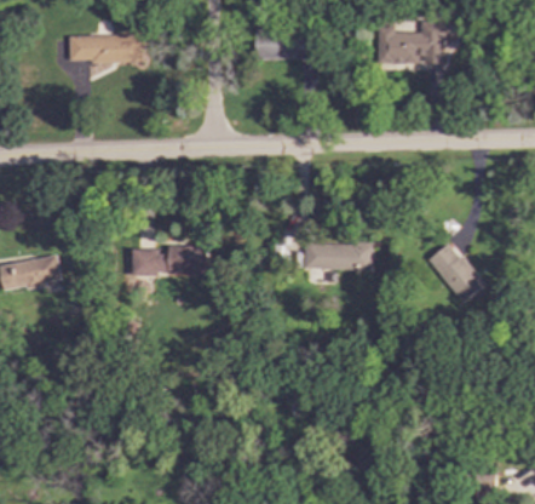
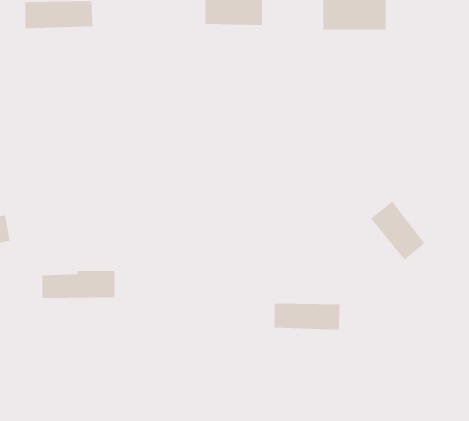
building: [304,241,373,269] -> [274,303,341,330]
building: [131,245,207,274] -> [41,270,115,299]

